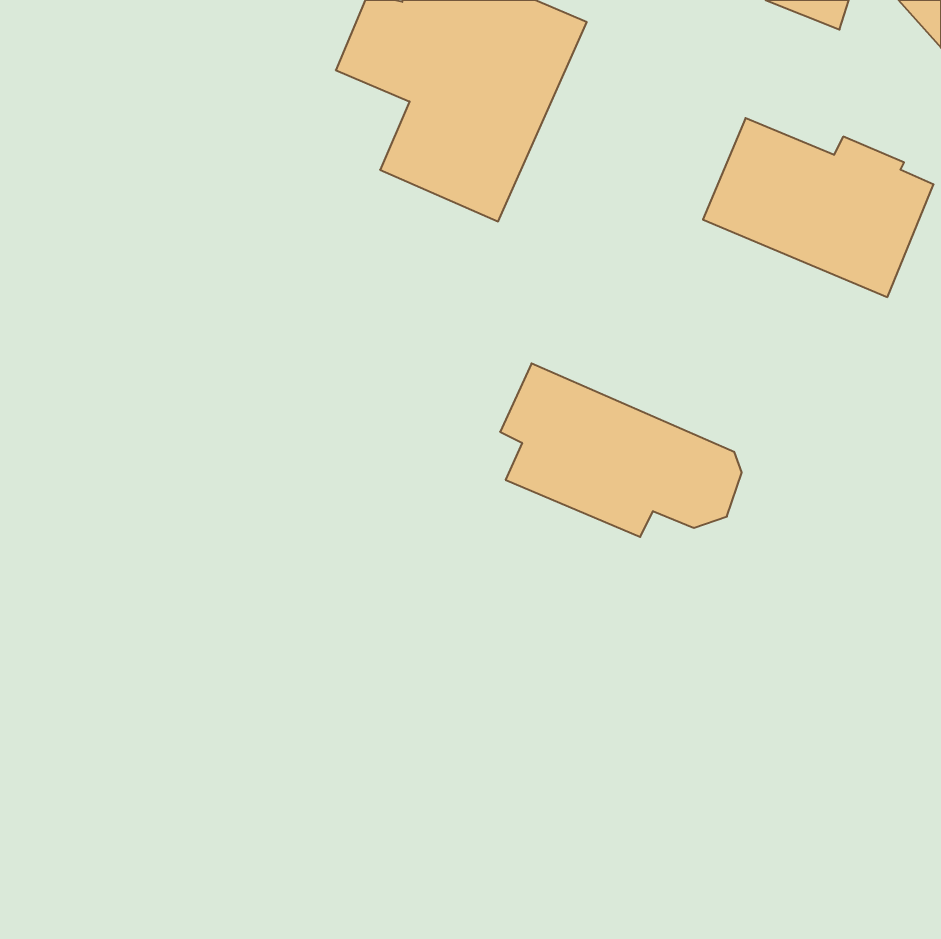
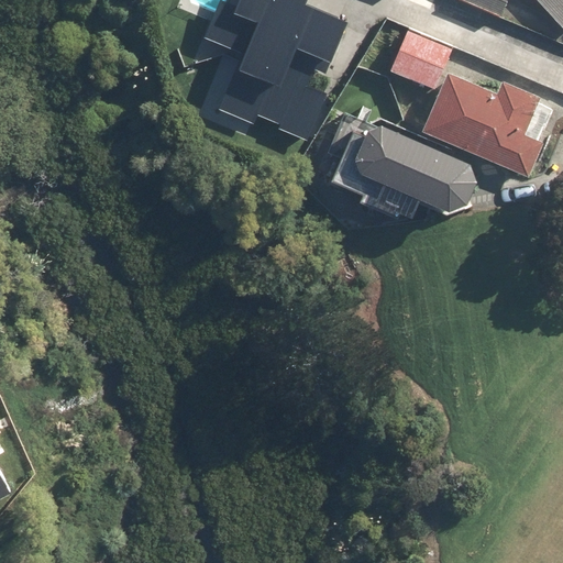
building: none -> [389,29,452,91]
building: [500,363,742,537] -> [329,107,473,210]

